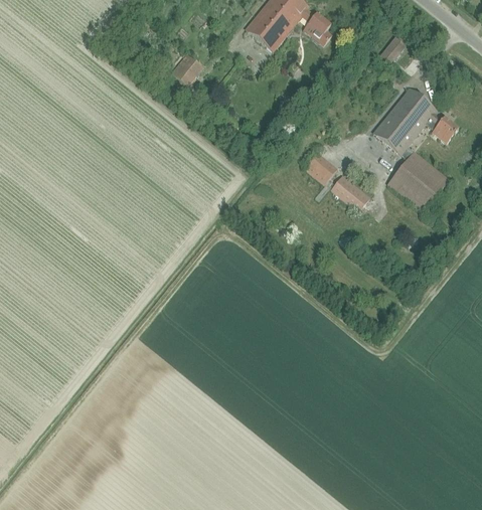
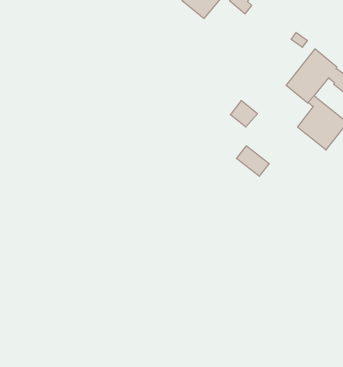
building: [378,36,406,65] -> none
building: [172,52,203,84] -> none
building: [330,173,370,210] -> [236,146,269,176]

